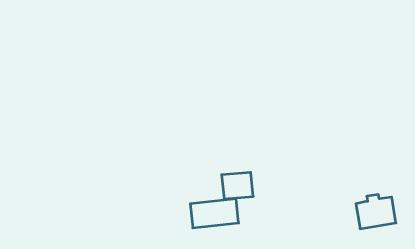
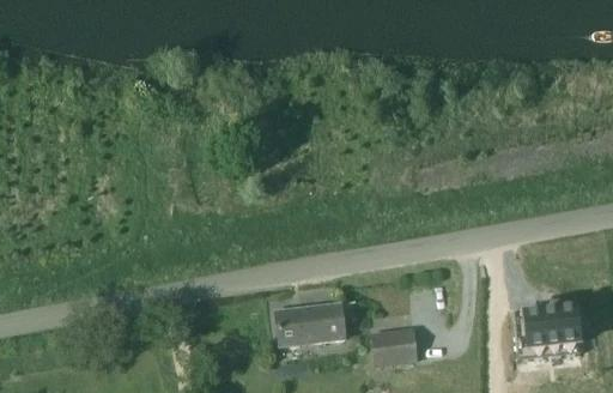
building: [222,172,253,199] -> [370,328,415,367]

